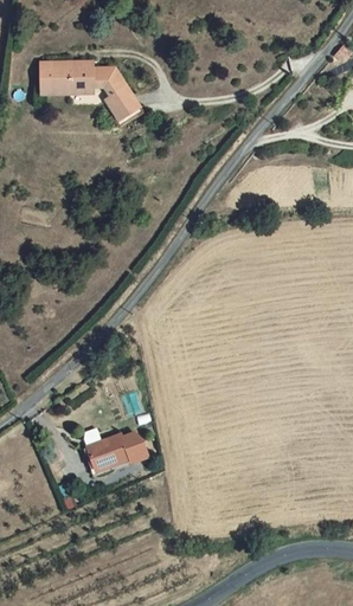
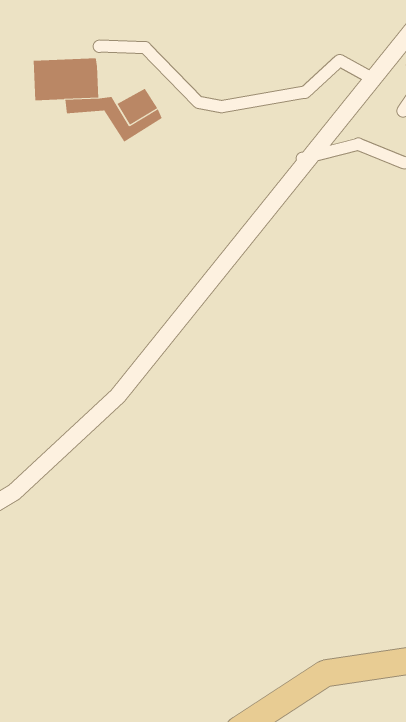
building: [83,57,120,90] -> none
building: [90,433,153,472] -> none

